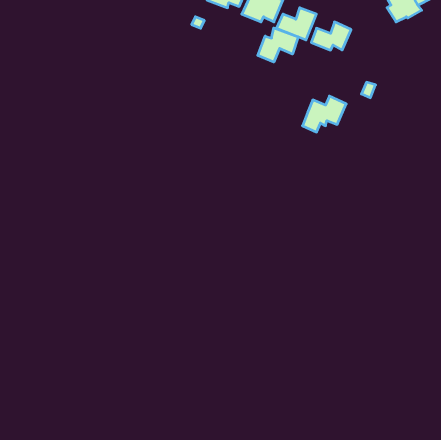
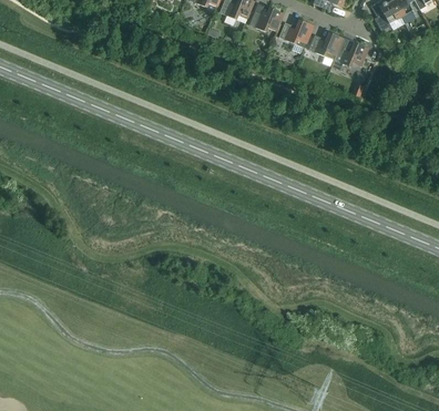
building: [258,28,298,62] -> none
building: [302,96,346,132] -> [331,41,369,72]

